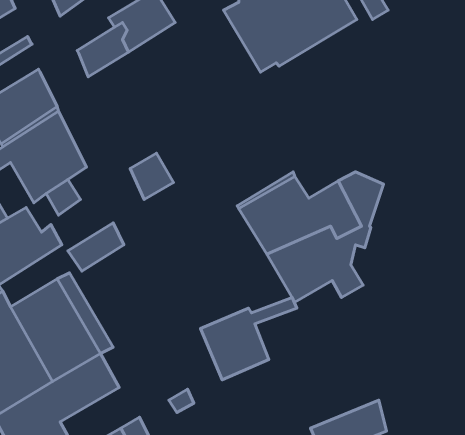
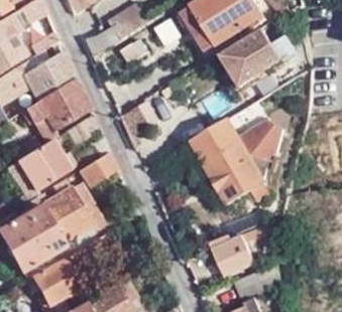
building: none -> [218,30,295,89]
building: [200,297,297,380] -> [210,224,272,278]

